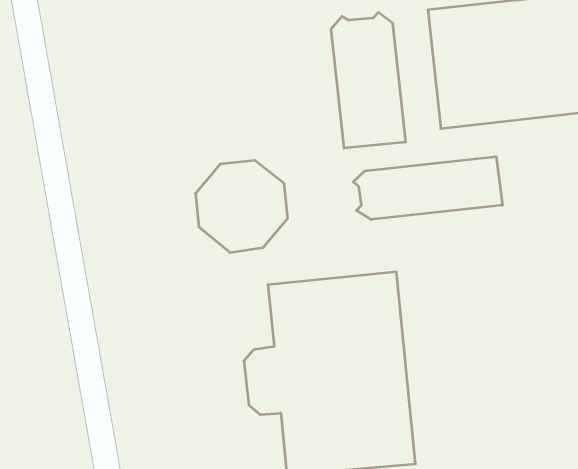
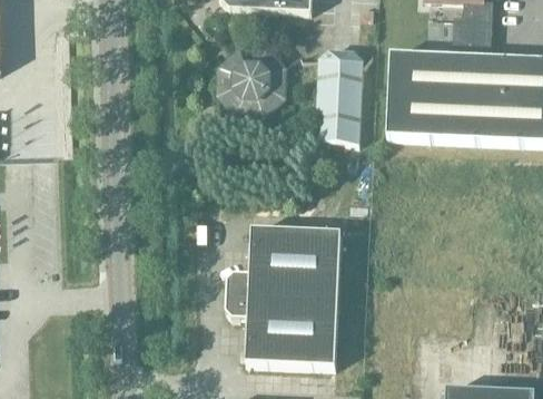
building: [353,157,502,220] -> none
building: [195,160,288,253] -> [219,51,283,114]

